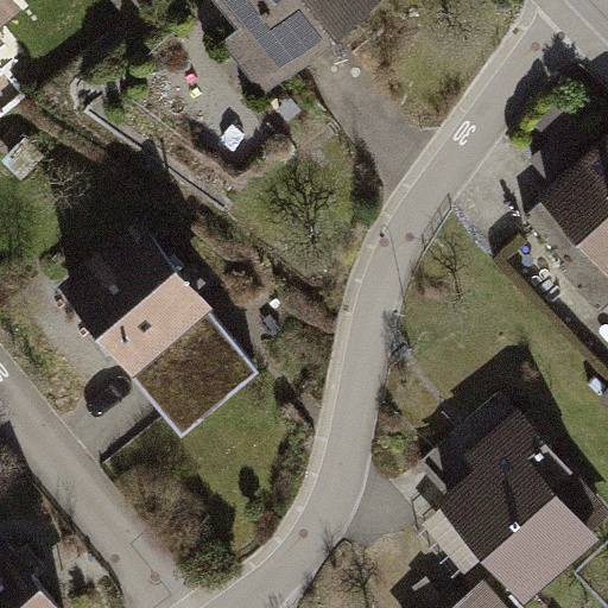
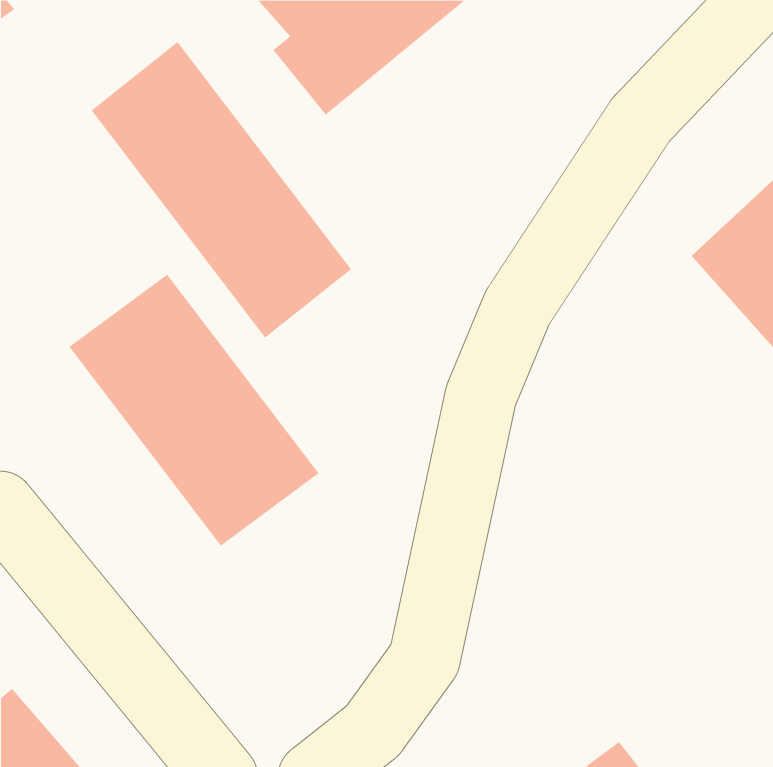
building: none -> [91,41,352,338]
building: [436,408,597,601] -> none

